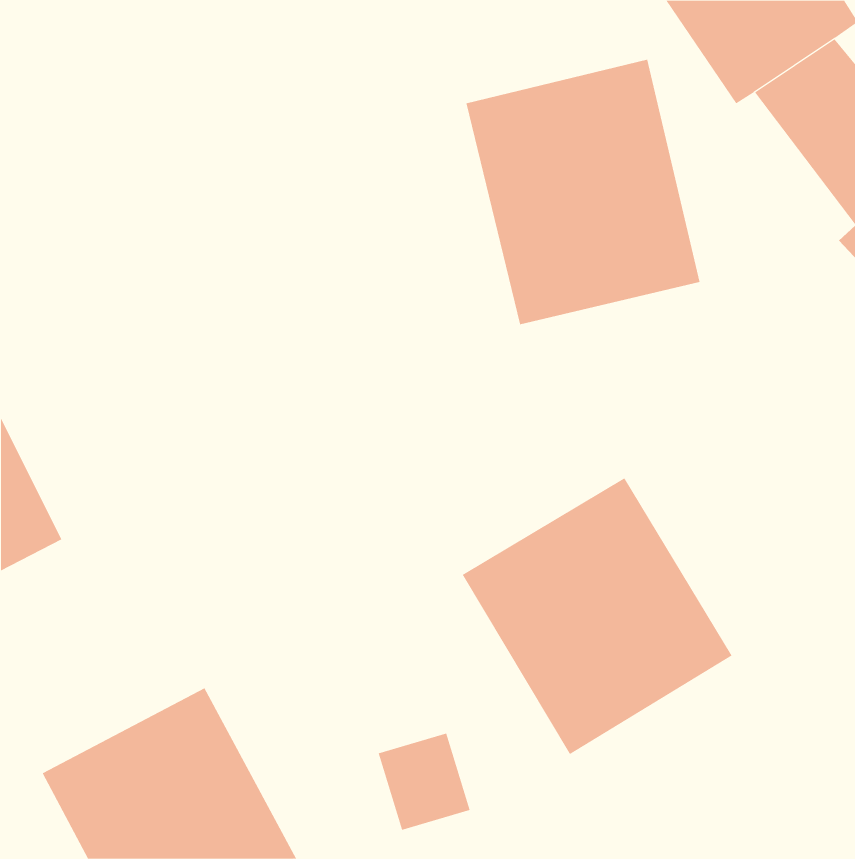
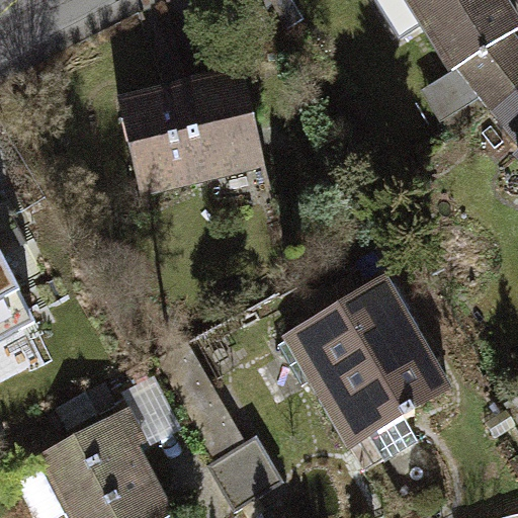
building: [466,59,700,325] -> none
building: none -> [114,59,264,189]

